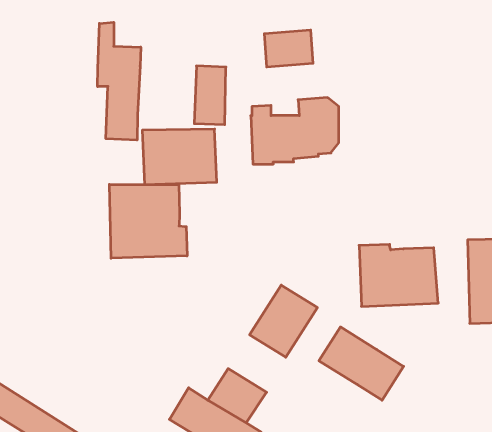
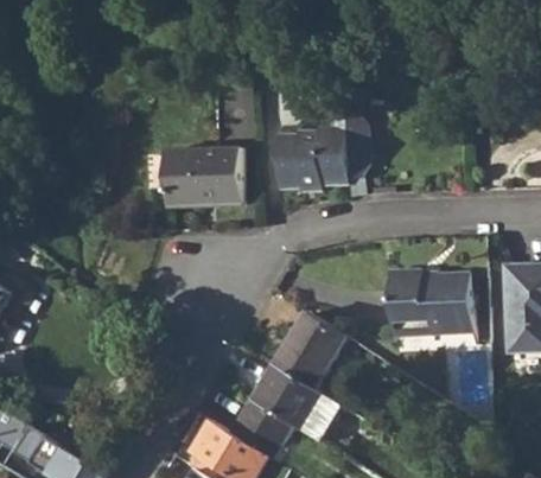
building: [98,22,141,140] -> none
building: [264,30,313,67] -> none
building: [109,184,187,258] -> none
building: [319,327,404,400] -> [252,364,340,441]

